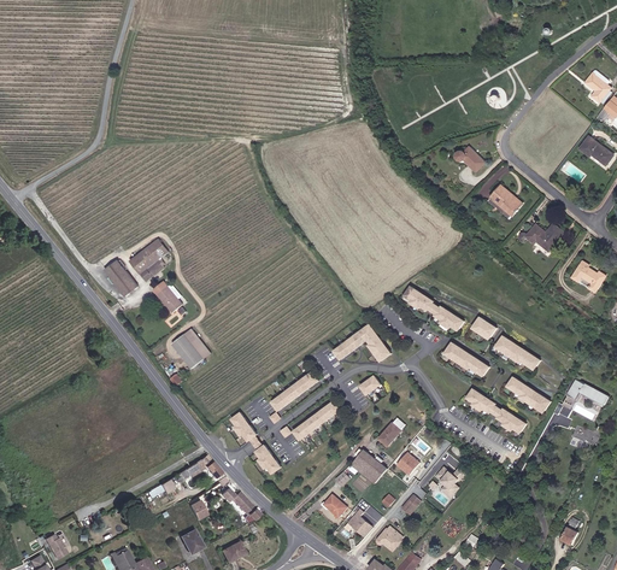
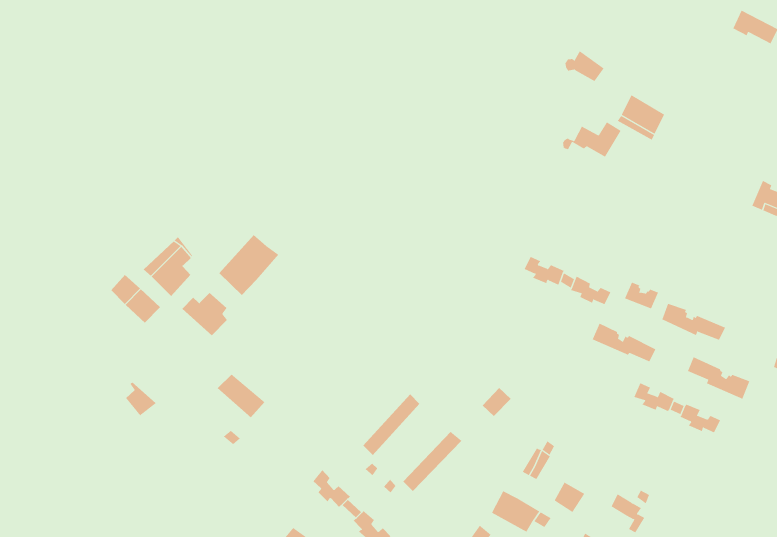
building: [518,225,562,251] -> [562,122,622,157]
building: none -> [218,234,279,296]
building: [331,324,388,362] -> none

